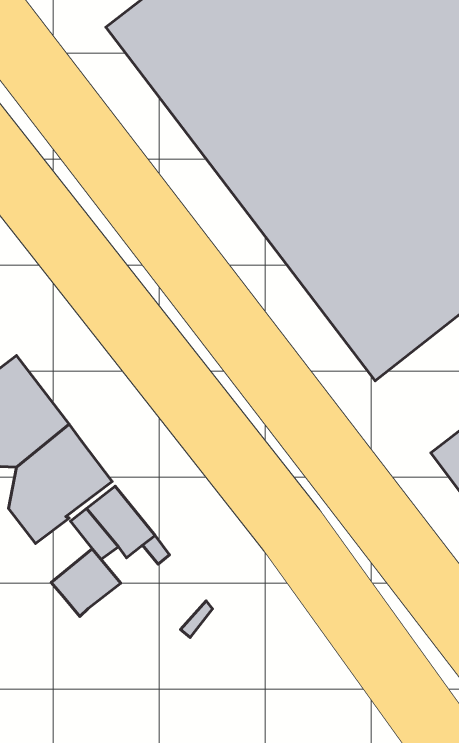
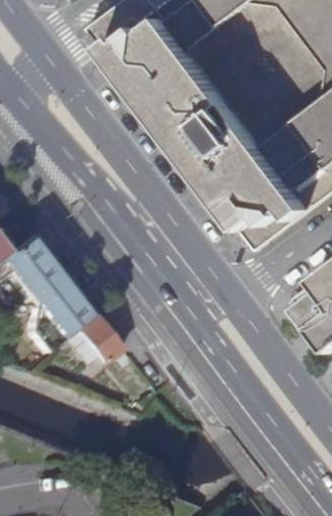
building: [51,549,121,616] -> none

